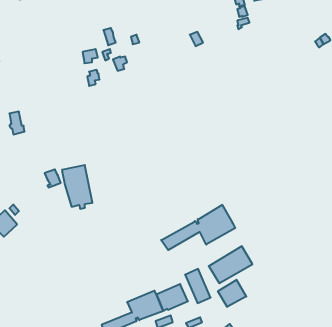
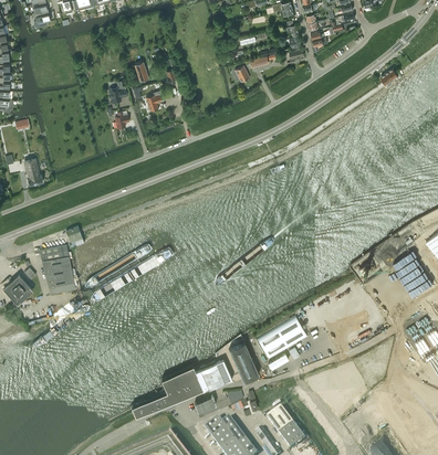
building: [62,165,92,209] -> [40,245,75,296]
building: [161,205,235,250] -> none
building: [218,280,246,307] -> none

